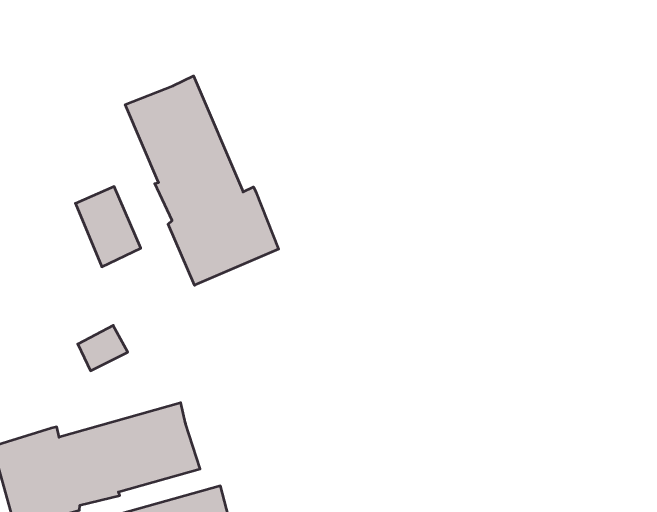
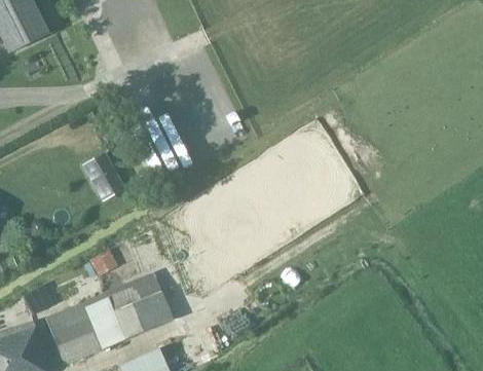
building: [125,76,279,285] -> none

